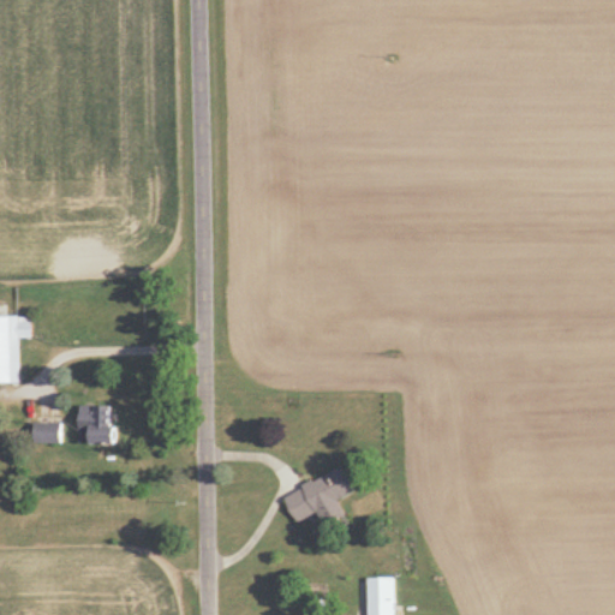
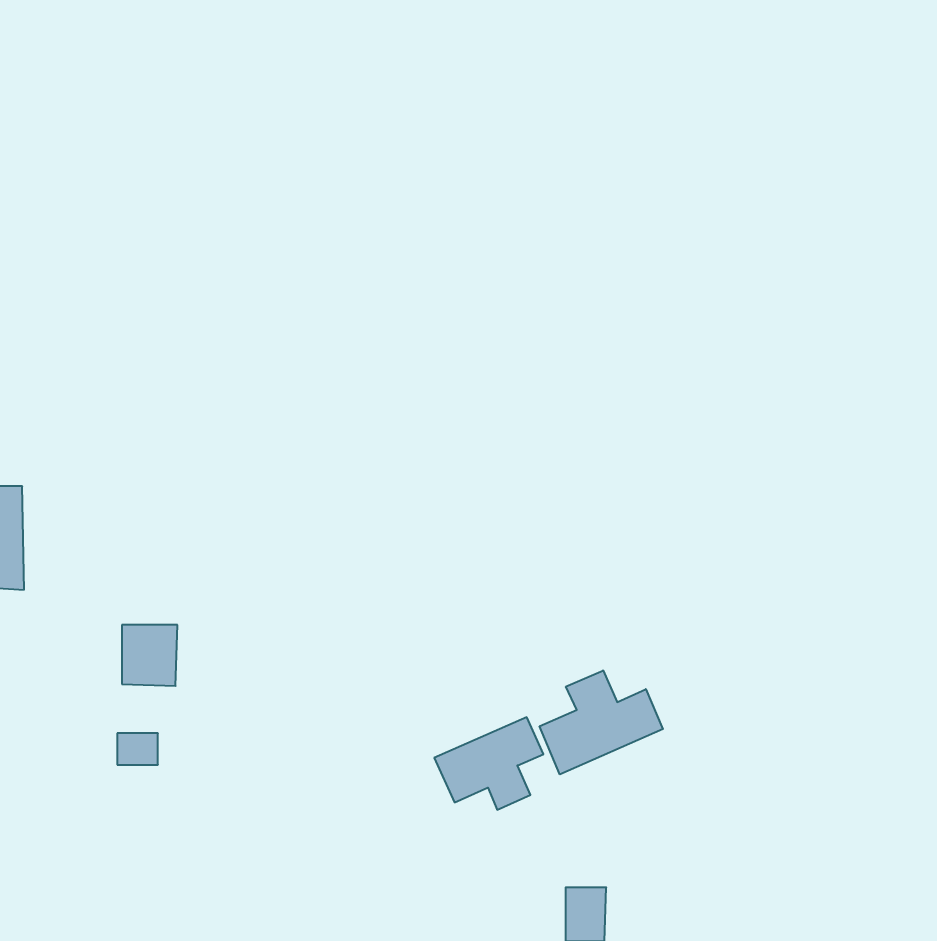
building: [34,422,60,442] -> [117,733,158,765]
building: none -> [540,670,663,774]

